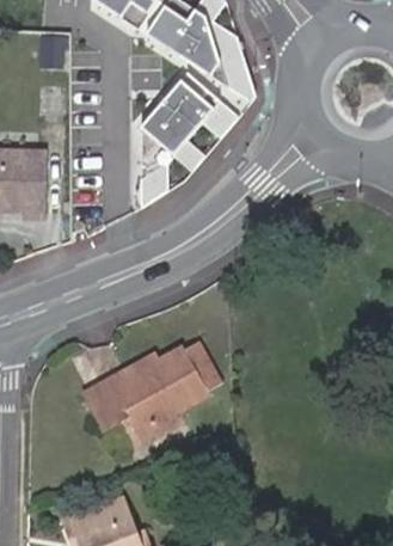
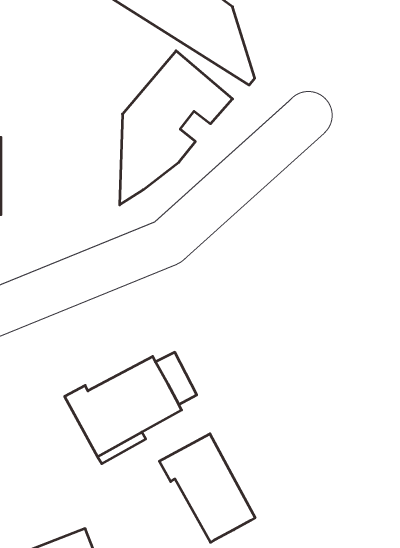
building: none -> [159,434,255,542]

